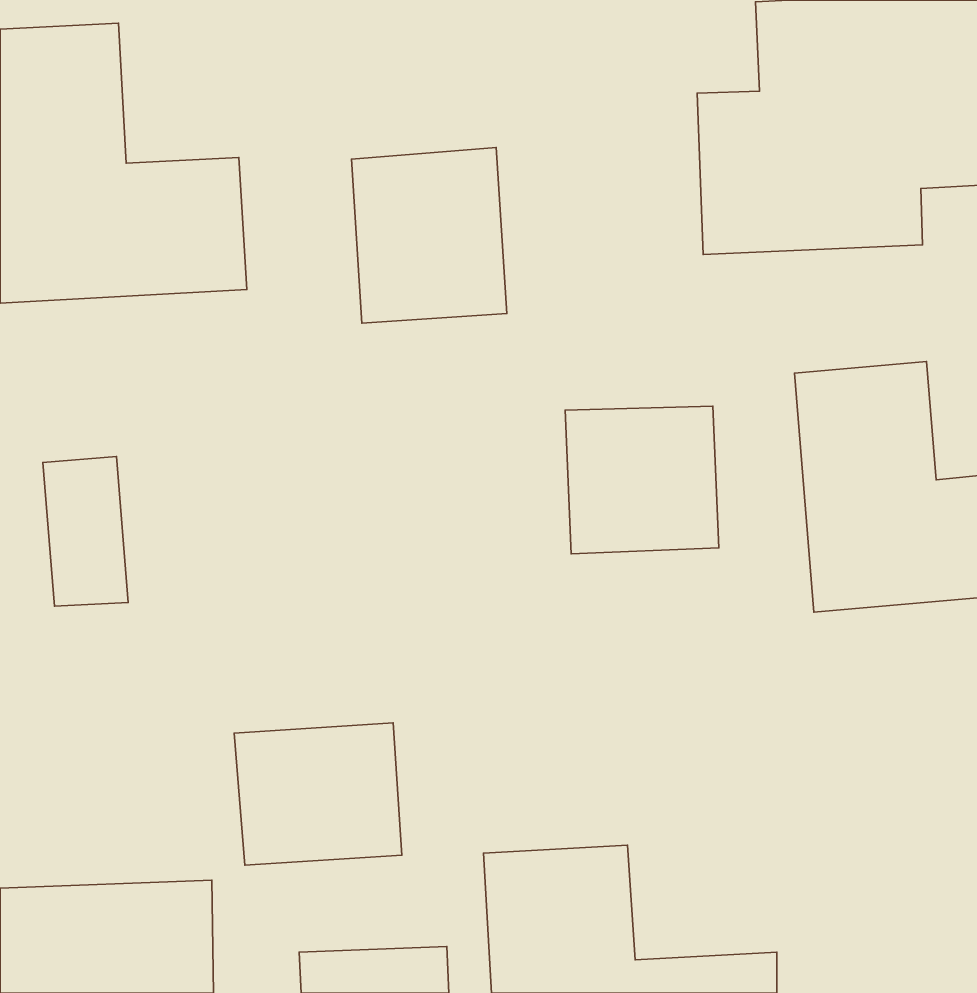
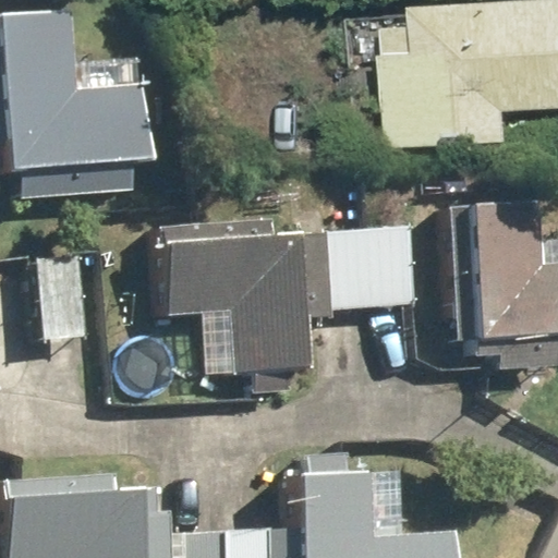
building: [351,147,507,323] -> none
building: none -> [153,240,294,374]
building: [234,723,402,865] -> none

